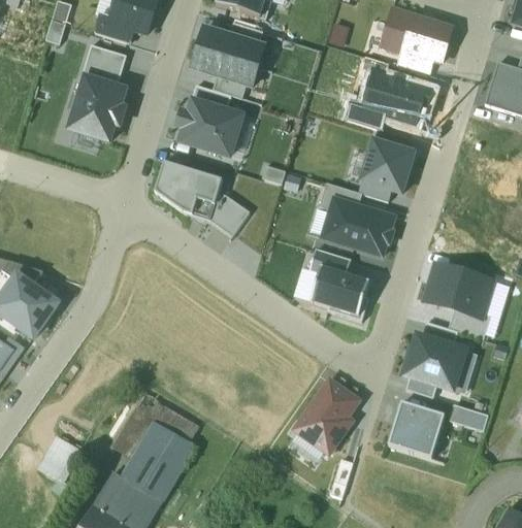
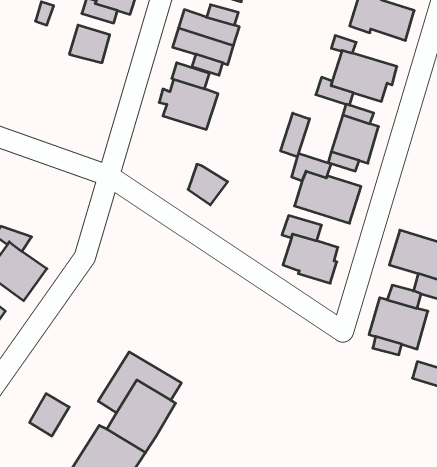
building: [398,48,431,74] -> none
building: [68,76,127,143] -> none
building: none -> [281,113,310,157]
building: [155,162,222,220] -> none
building: [295,380,357,452] -> none
building: [389,402,443,457] -> none

